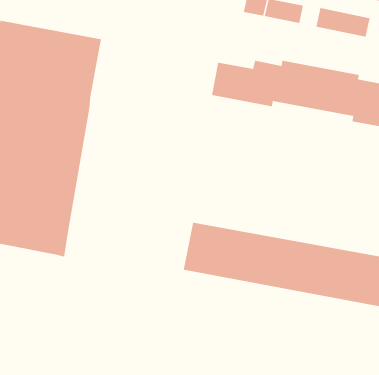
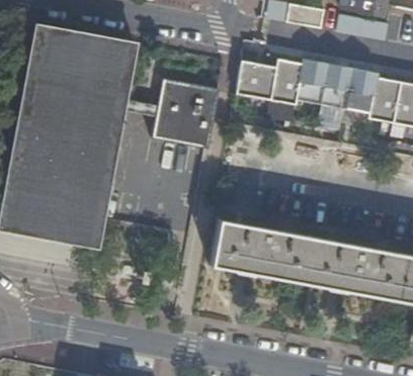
building: none -> [122,77,219,147]

